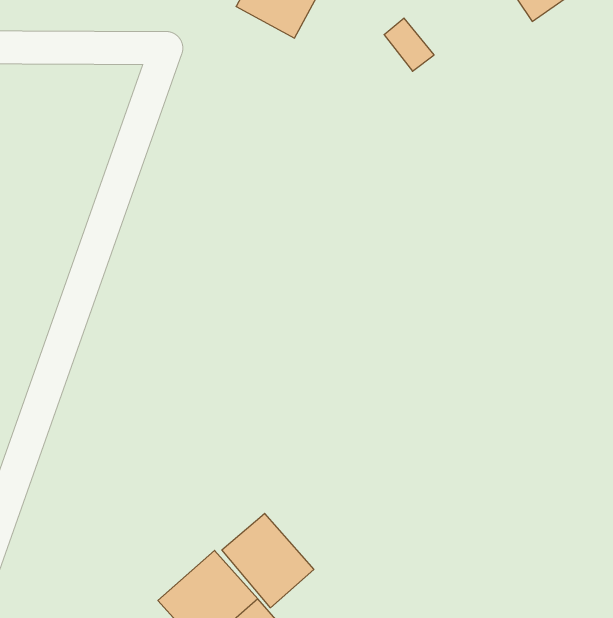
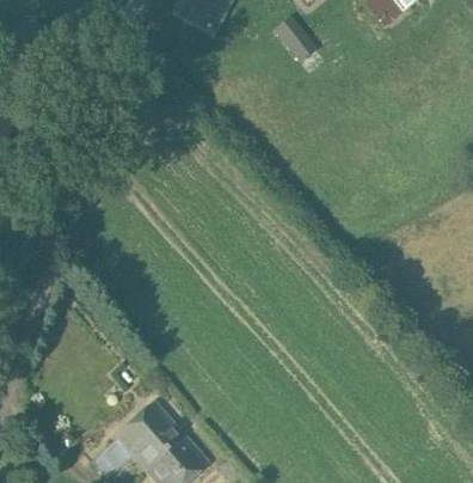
building: [222,513,314,608] -> none

